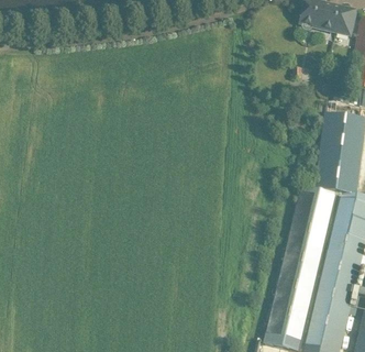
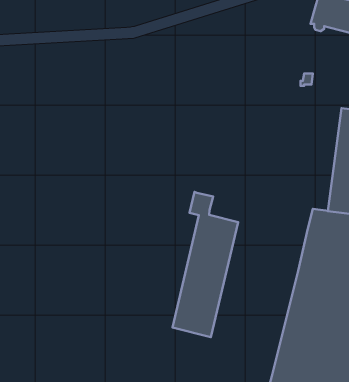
building: none -> [172,192,238,337]

